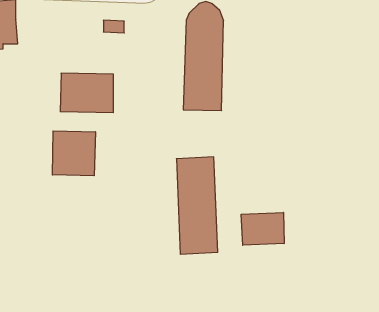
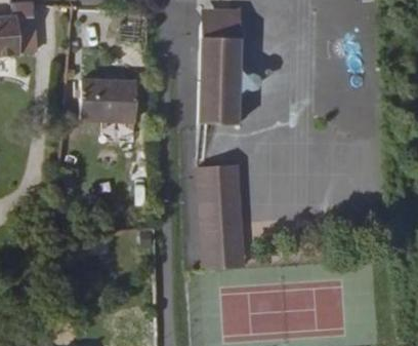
building: [52,131,95,176] -> none
building: [241,212,284,245] -> none

